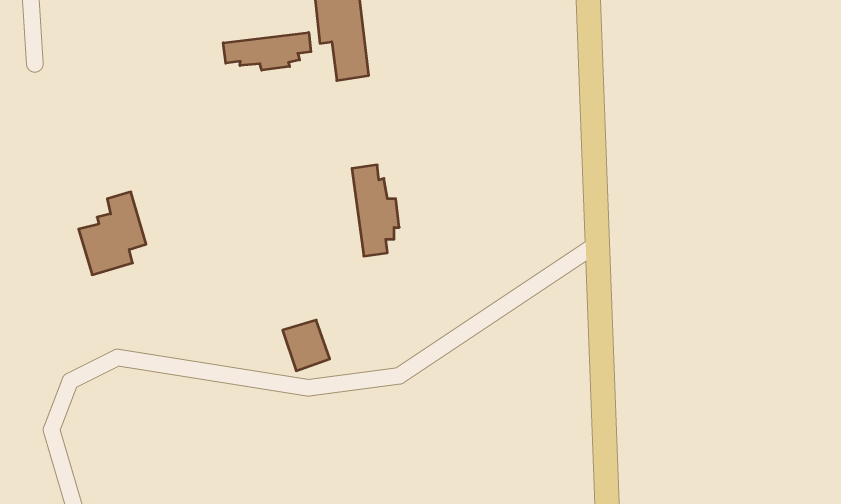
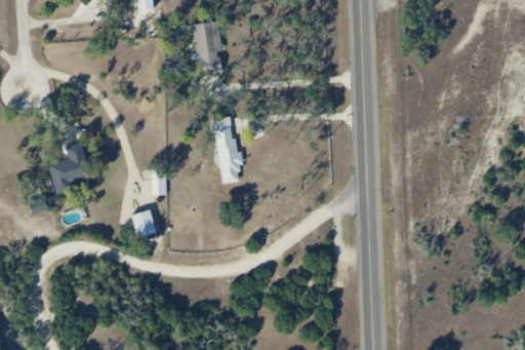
building: [223,32,311,70] -> none
building: [283,320,330,371] -> [128,207,157,238]

